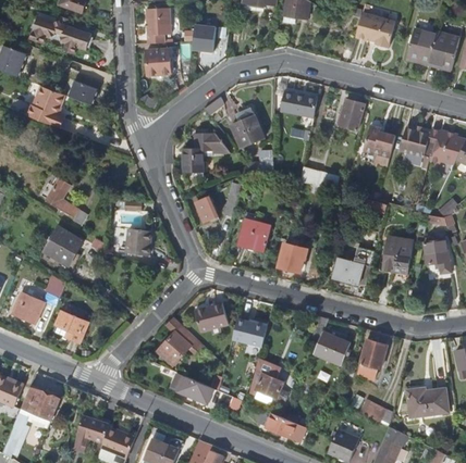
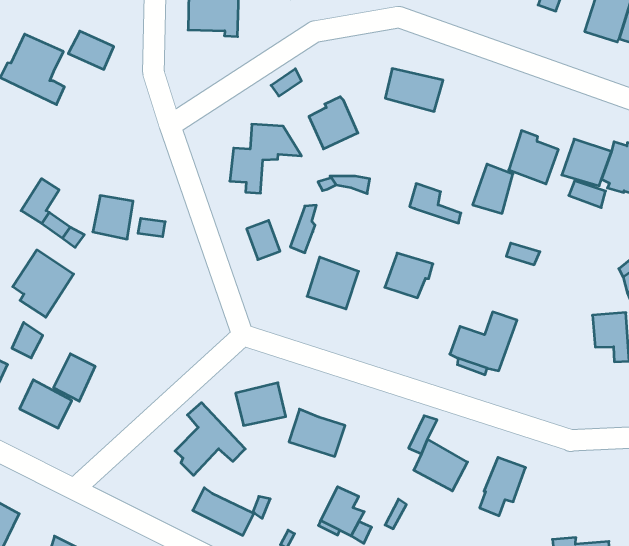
building: [338,98,363,129] -> [473,164,513,213]
building: [123,228,148,255] -> [93,196,133,239]
building: [382,238,413,274] -> none
building: [278,243,308,272] -> [385,253,433,298]
building: none -> [54,354,95,401]

